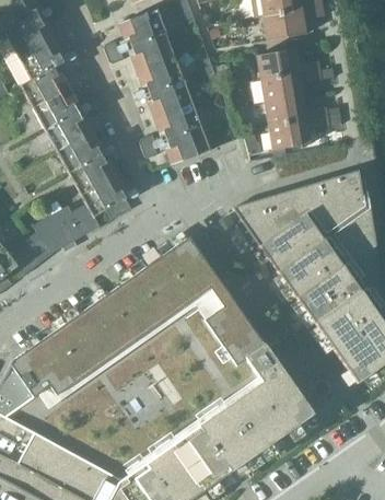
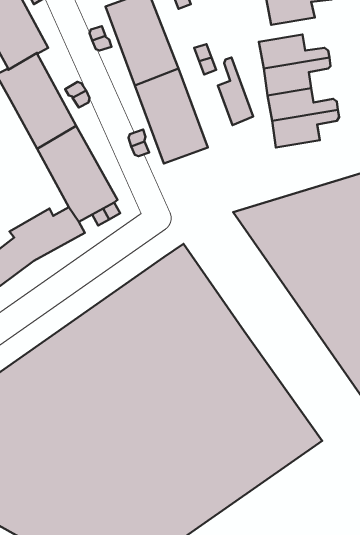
building: none -> [218,57,253,125]

